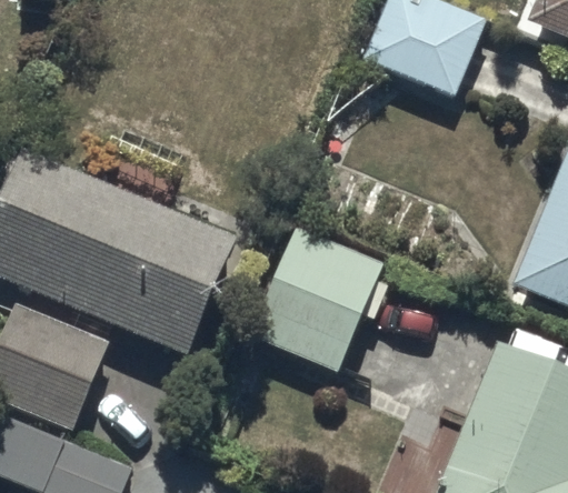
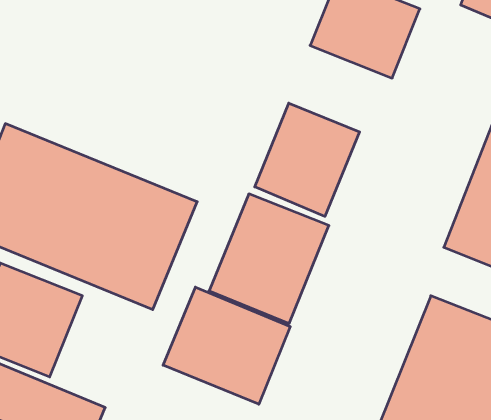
building: none -> [255,103,360,216]
building: none -> [163,287,290,404]

